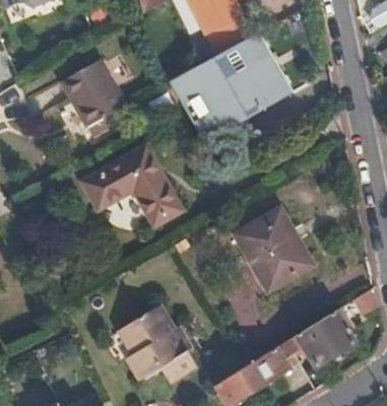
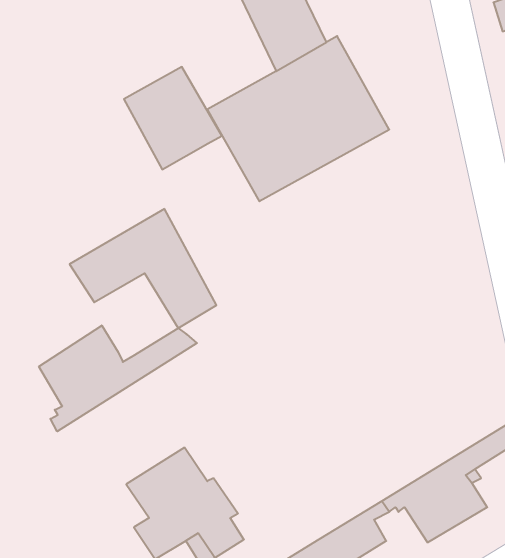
building: [59,59,124,127] -> [124,67,222,169]
building: [235,209,311,291] -> none
building: none -> [39,325,197,431]

